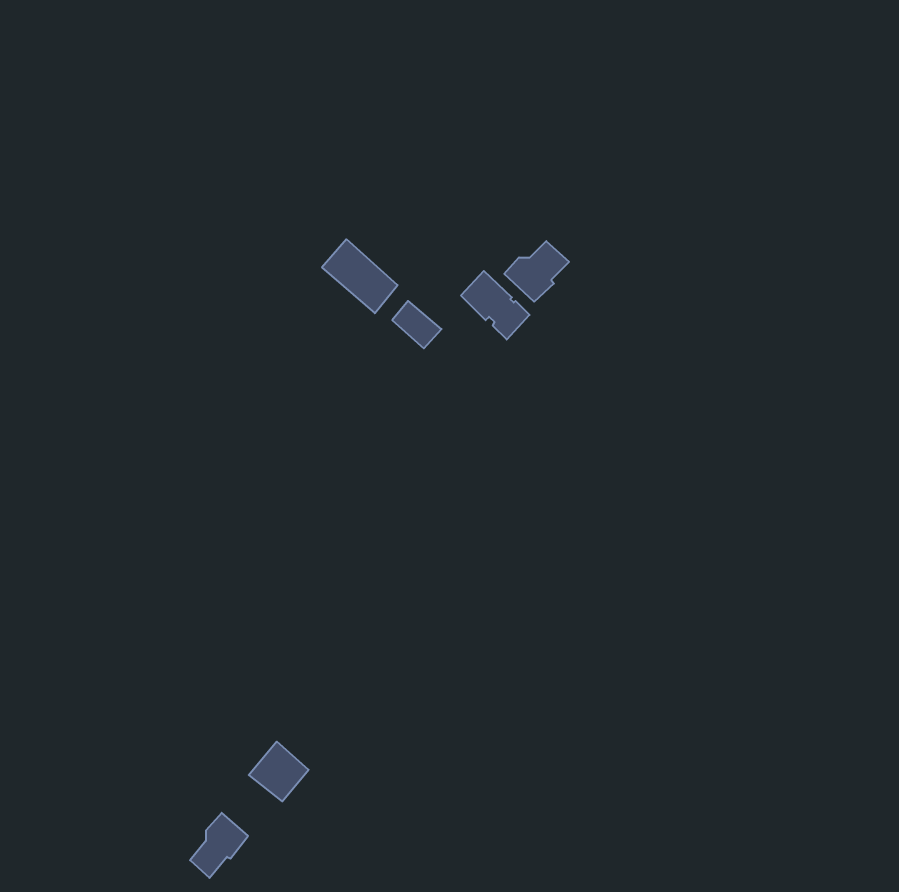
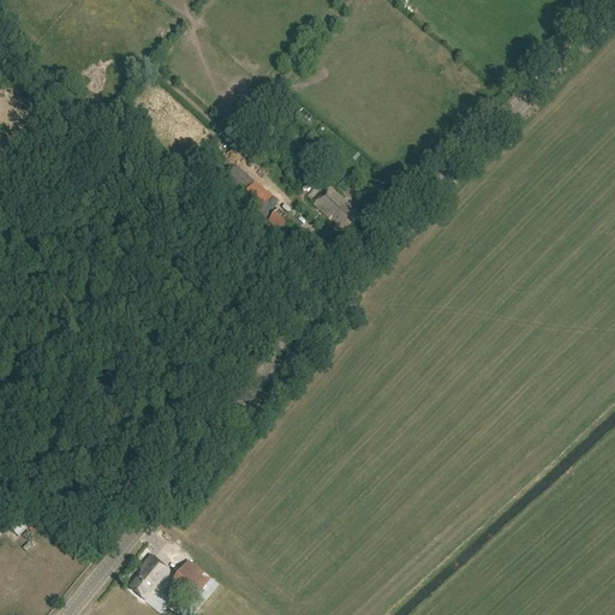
building: [504,241,569,302] -> none
building: [249,742,309,801] -> [169,557,210,598]

